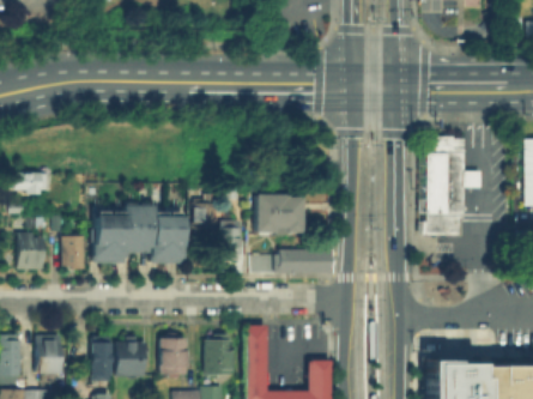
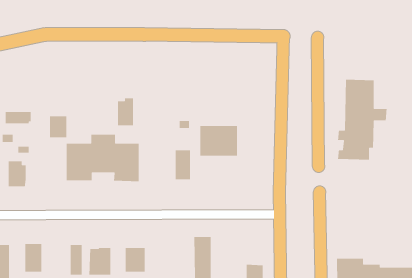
building: [195,195,216,230] -> [117,98,134,126]
building: [62,238,84,266] -> [49,116,67,138]
building: [247,248,327,271] -> none
building: [205,341,230,374] -> none

